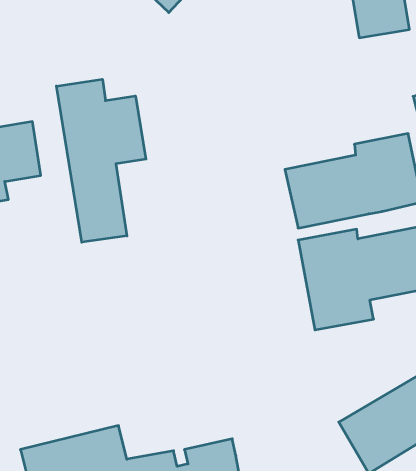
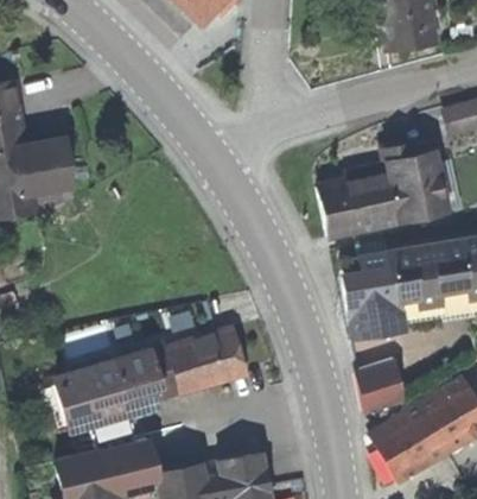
building: [56,79,146,242] -> none
building: none -> [51,324,250,431]
building: none -> [354,359,408,412]

